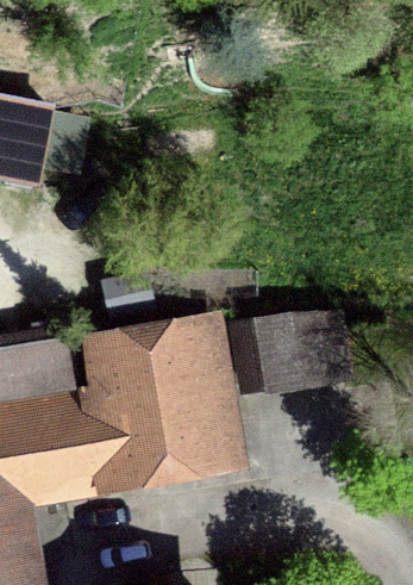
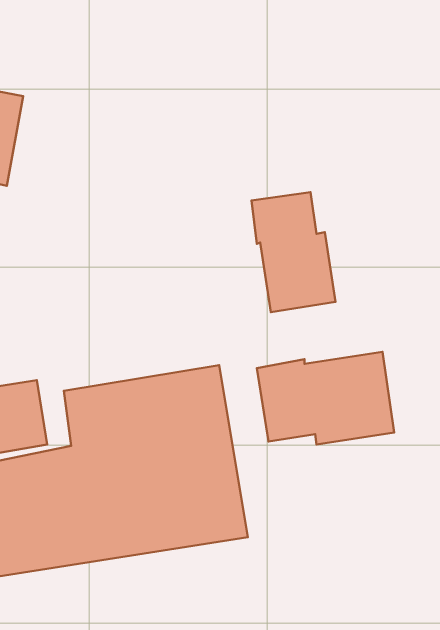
building: none -> [251,192,336,312]

